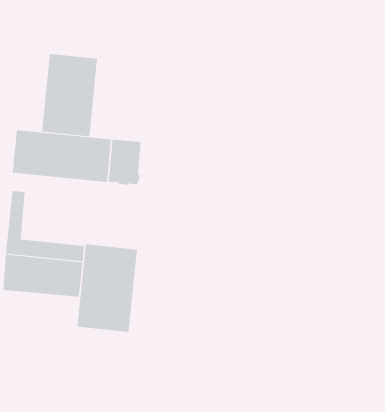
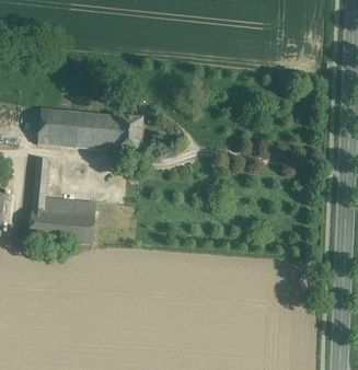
building: [42,53,98,137] -> none
building: [77,244,138,333] -> none

